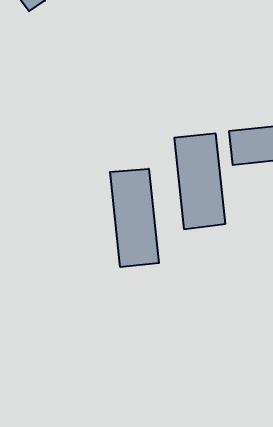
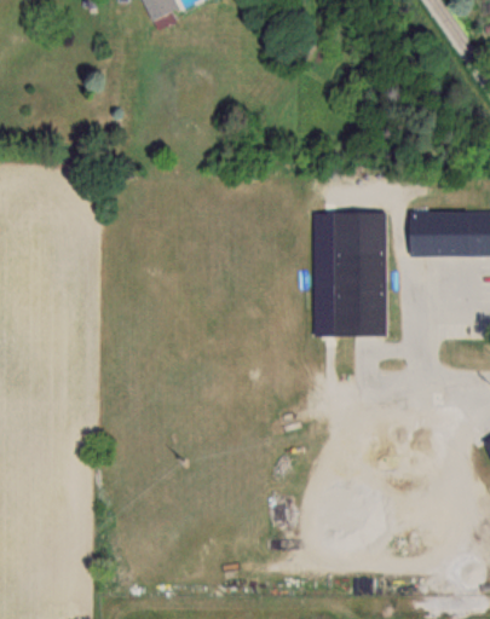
building: [110,169,159,267] -> none

